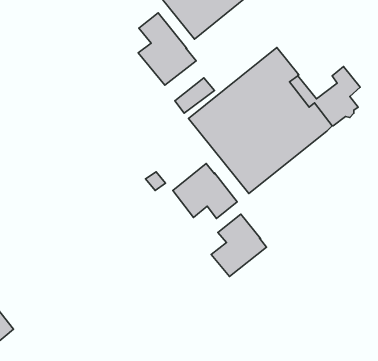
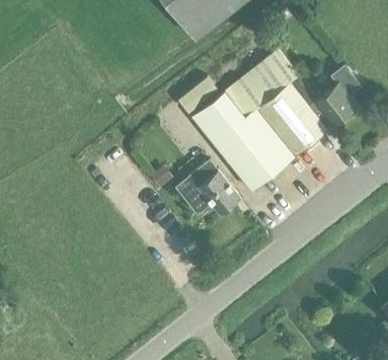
building: [138,13,196,85] -> none
building: [211,214,267,276] -> none

